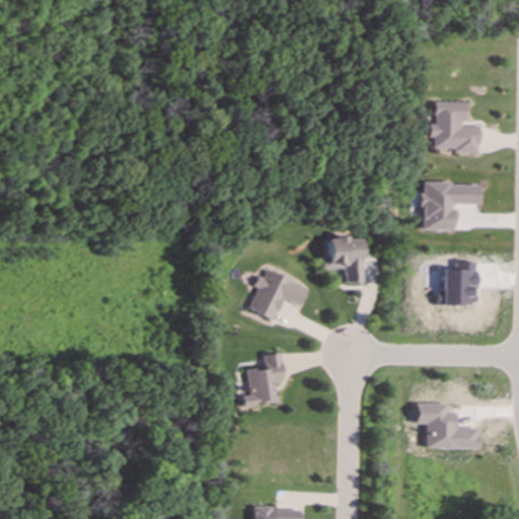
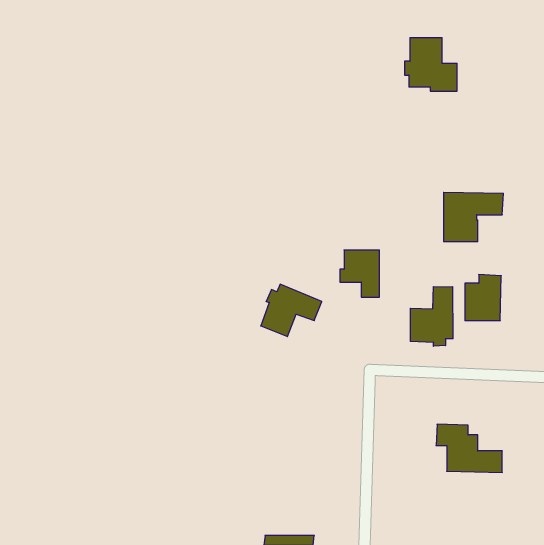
building: [430,101,479,152] -> [405,38,457,91]
building: none -> [410,287,453,346]
building: [242,353,284,405] -> none

